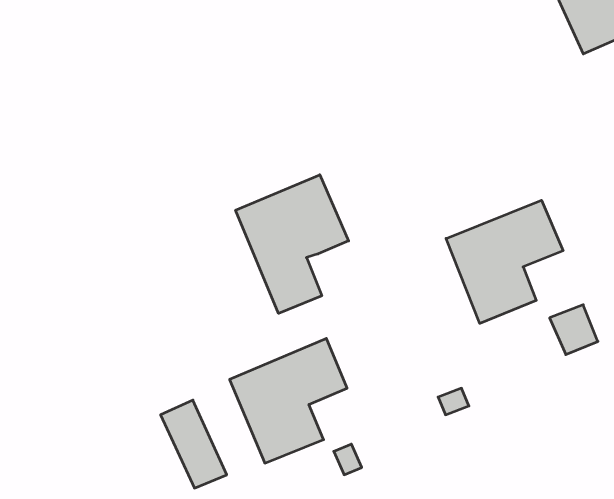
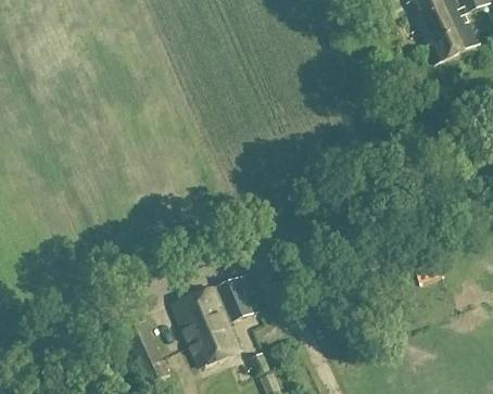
building: [236,175,349,313] -> none
building: [446,200,563,323] -> none

